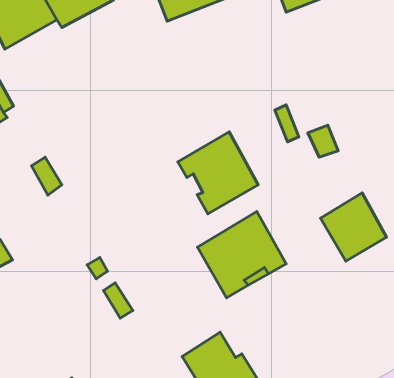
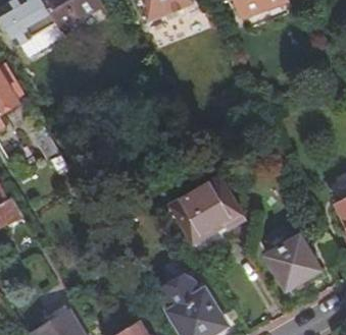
building: [178,132,258,214] -> none
building: [320,193,386,261] -> [267,234,320,289]

